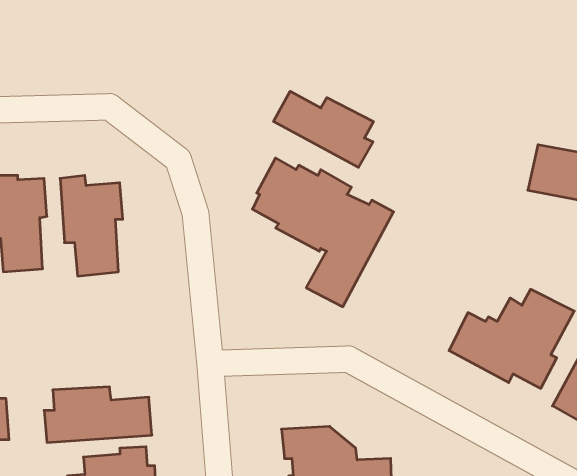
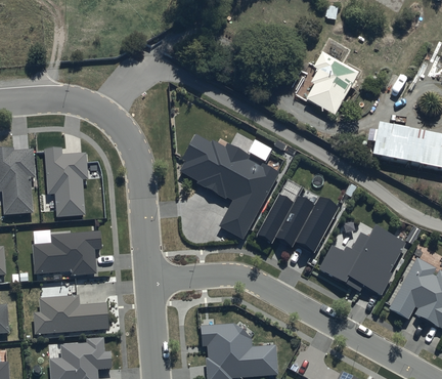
building: none -> [307,52,359,116]
building: [274,91,373,167] -> none
building: none -> [256,195,339,252]
building: none -> [32,229,101,275]

